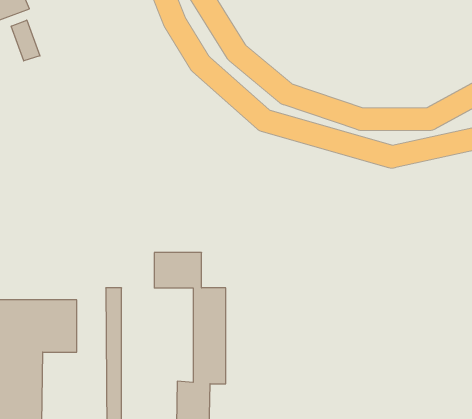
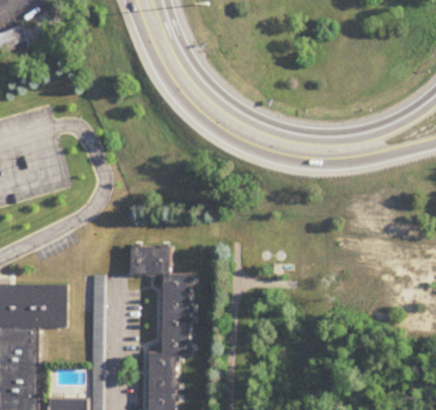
building: [11,20,40,61] -> none

